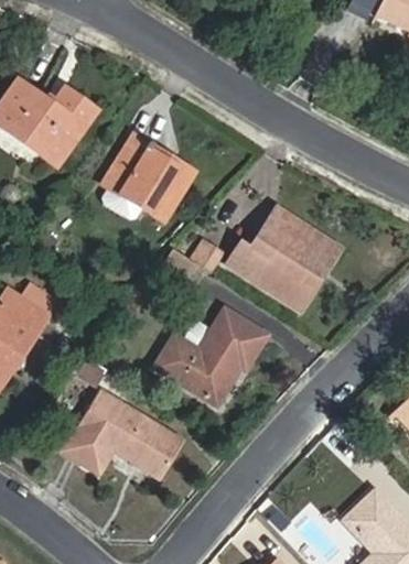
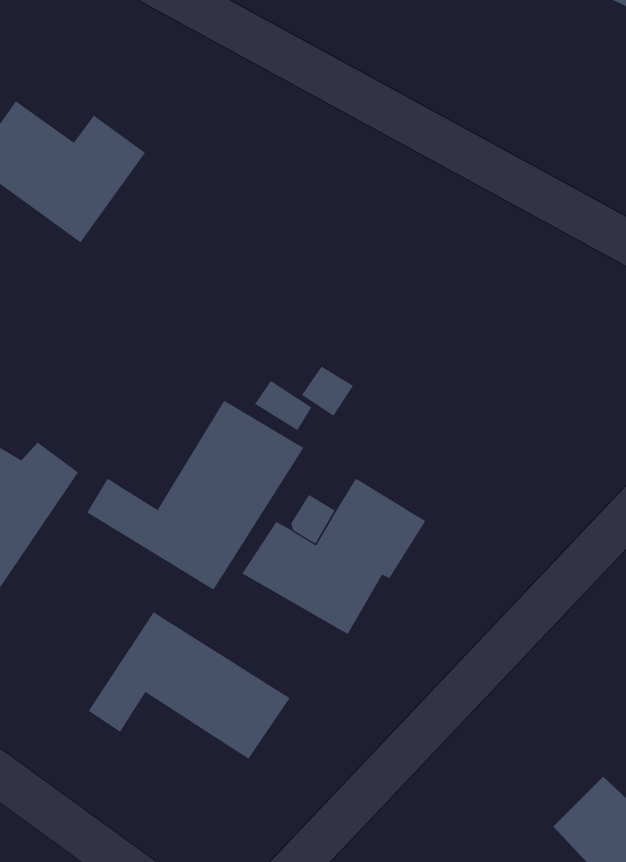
building: [103,137,193,221] -> none
building: [232,214,326,306] -> none
building: none -> [87,400,304,591]

